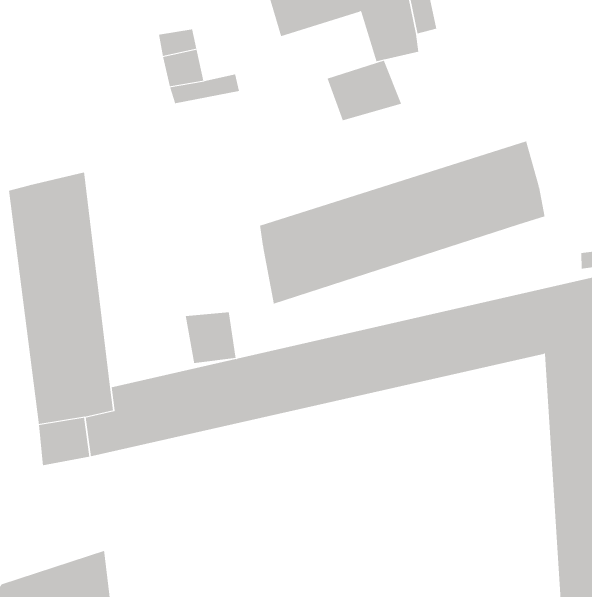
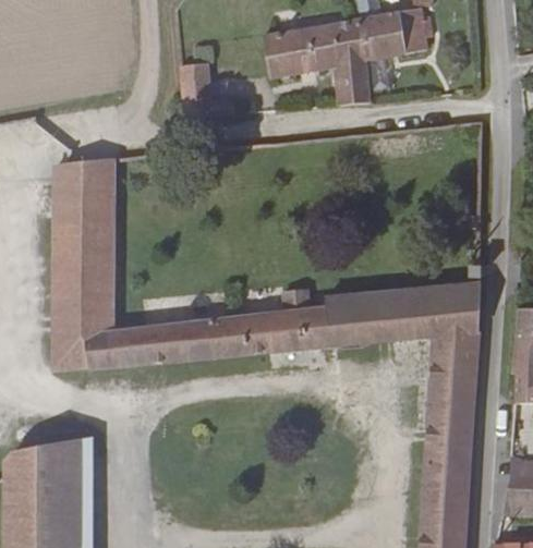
building: [327,60,402,121] -> none
building: [259,141,545,304] -> none
building: [185,311,236,364] -> none

